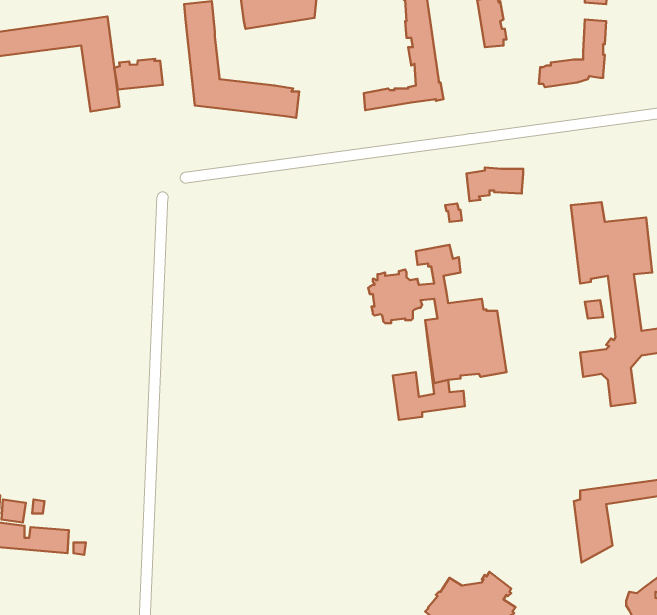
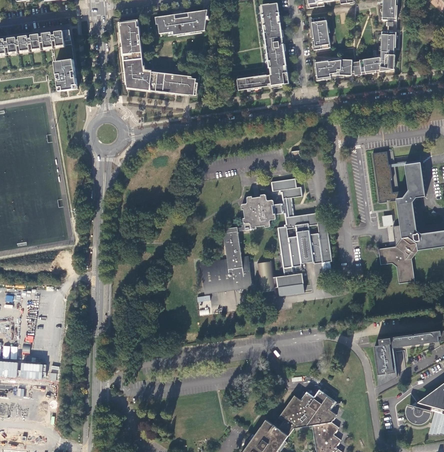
building: [114,59,163,90] -> none
building: [467,167,523,201] -> [315,58,352,80]
building: none -> [199,223,251,292]

